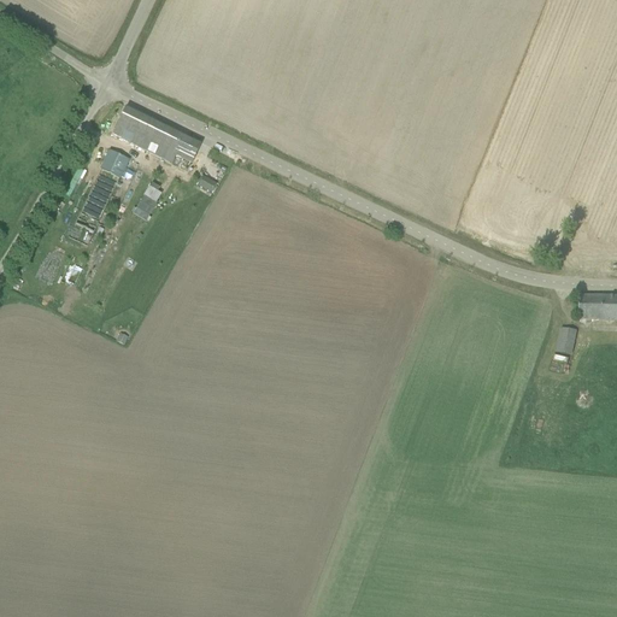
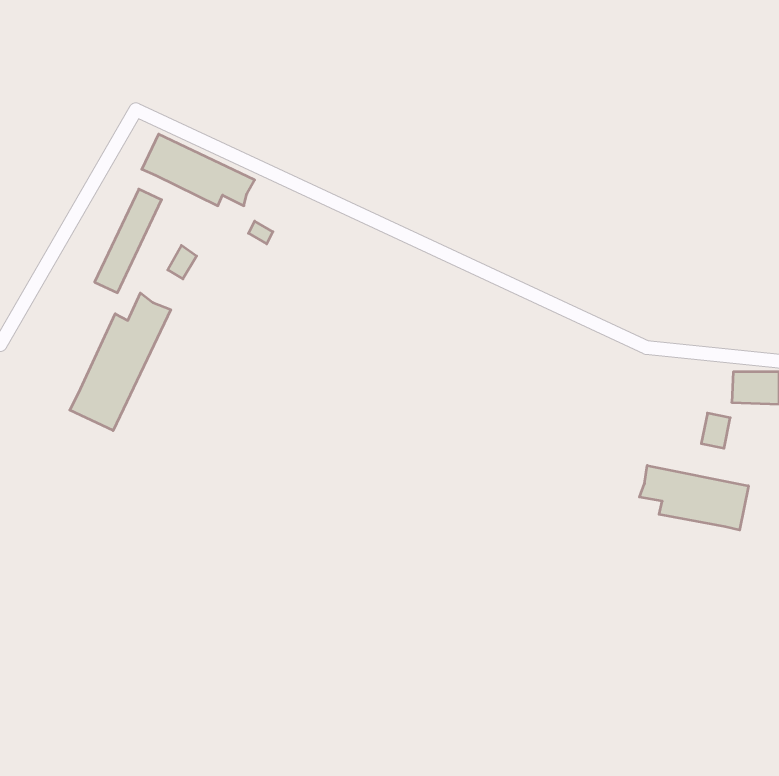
building: none -> [70,293,171,431]
building: none -> [639,465,748,530]

